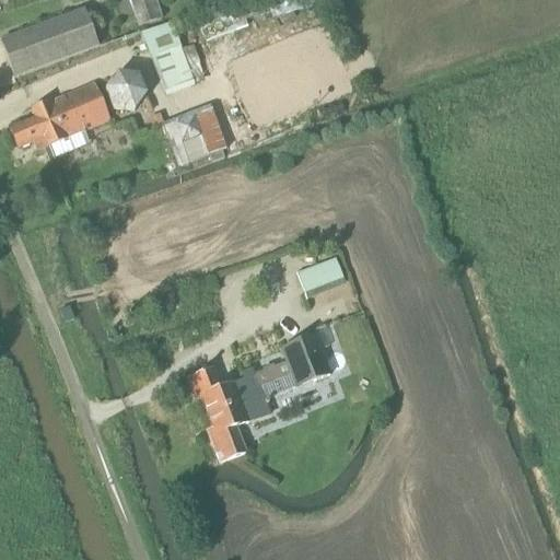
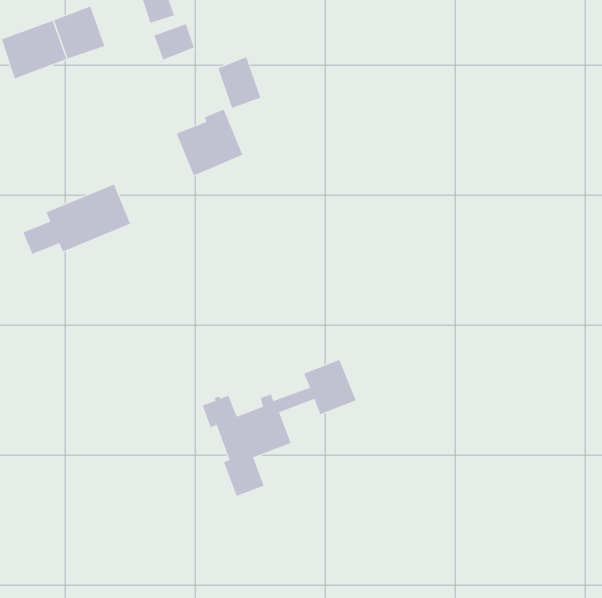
building: [152,45,192,93] -> [217,56,261,108]
building: [106,69,147,107] -> none
building: [10,79,110,144] -> [22,184,131,255]
building: [296,255,347,296] -> none

